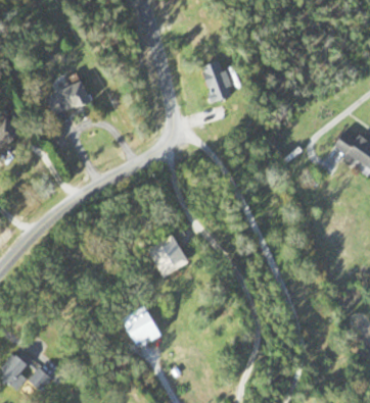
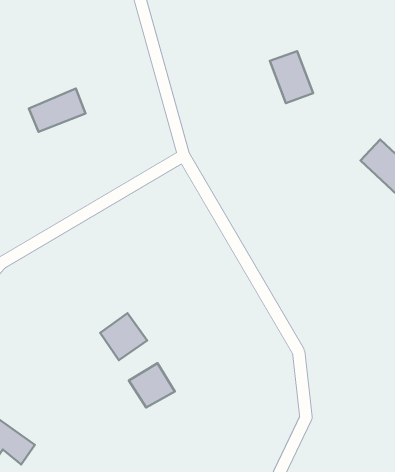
building: [196,60,232,103] -> [270,51,313,103]
building: [150,239,189,278] -> [100,313,147,360]

